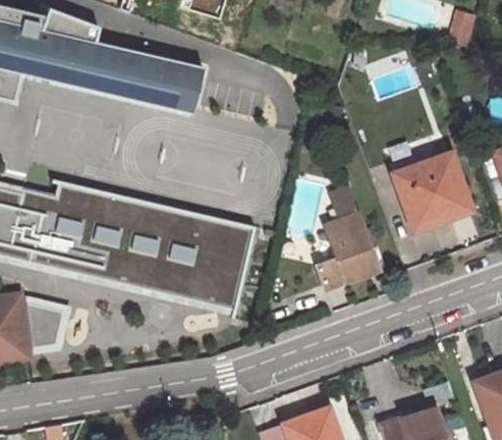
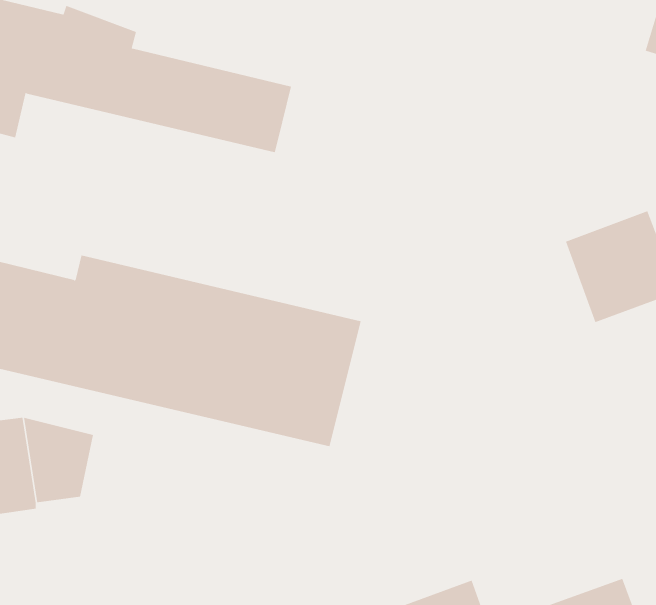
building: [319,189,382,288] -> none

